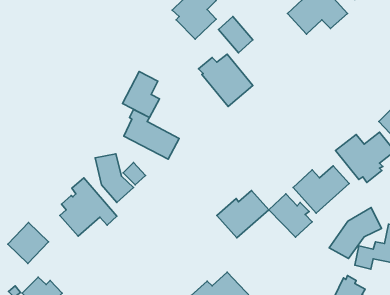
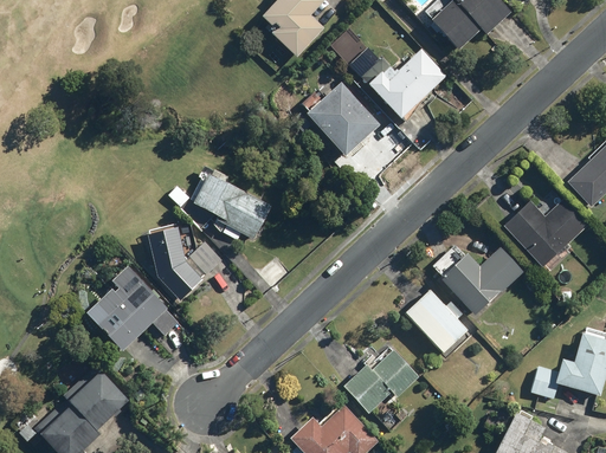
building: none -> [363,45,451,122]
building: [122,71,159,118] -> none
building: [217,191,269,238] -> [342,347,419,416]
building: [329,207,381,258] -> none
building: [8,222,49,263] -> [67,369,128,429]

